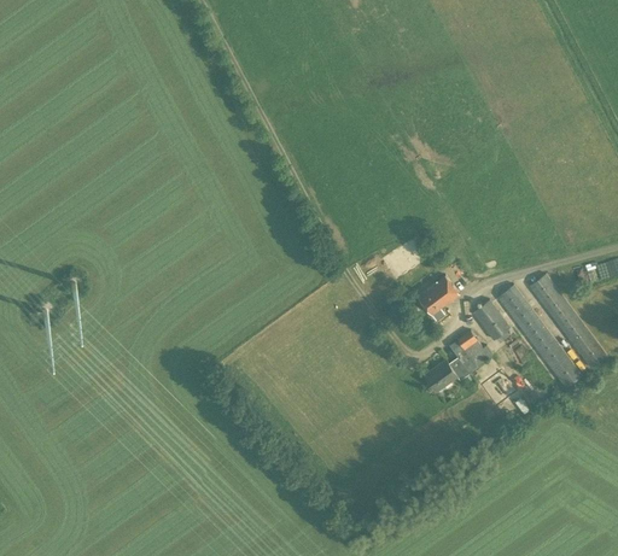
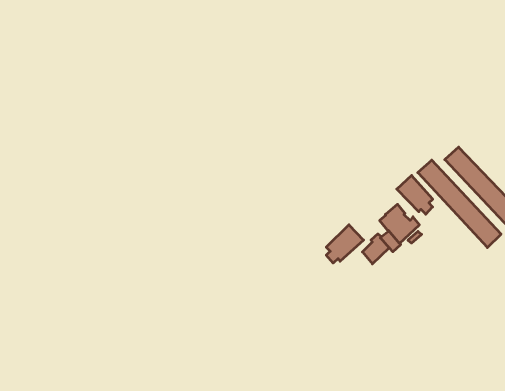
building: [418,276,459,321] -> none
building: none -> [326,225,364,263]

